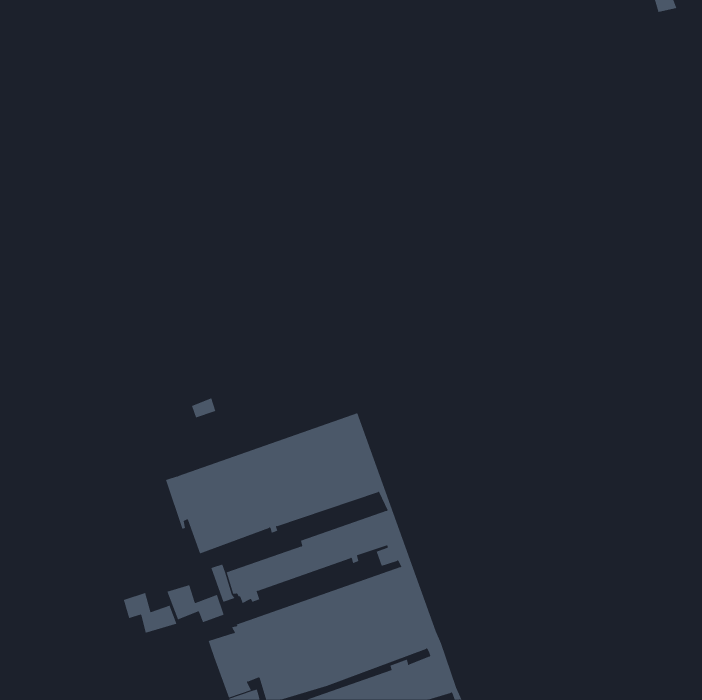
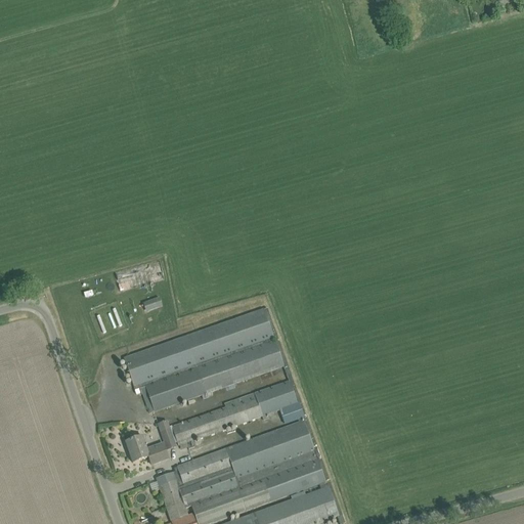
building: [123,592,177,634] -> none

